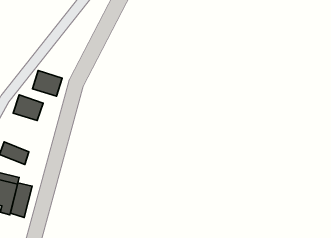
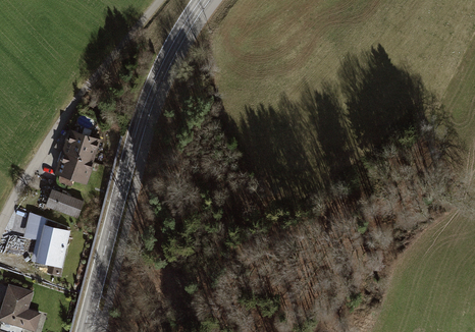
building: [32,71,62,96] -> [55,153,92,184]
building: [10,183,32,217] -> none

